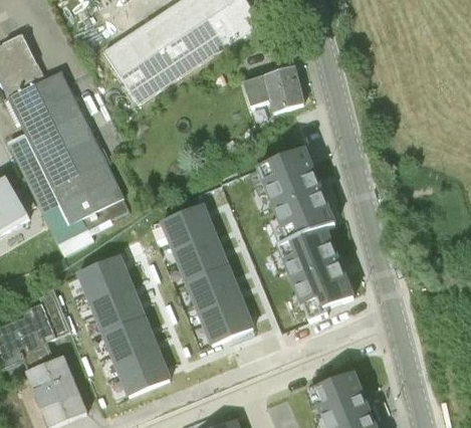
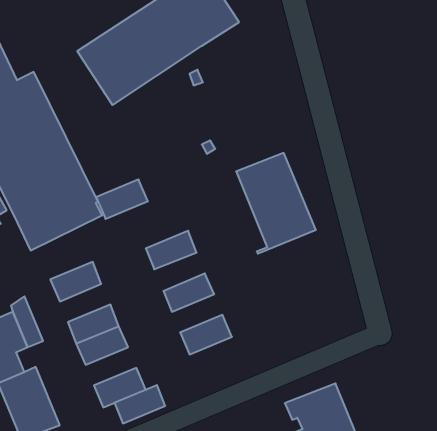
building: [243,65,303,113] -> none
building: [161,203,211,241] -> [96,179,148,219]
building: [278,223,352,320] -> none
building: [178,245,227,282] -> none
building: [86,275,136,312] -> none
building: [195,285,244,323] -> none
building: [111,337,161,374] -> [114,385,165,423]

